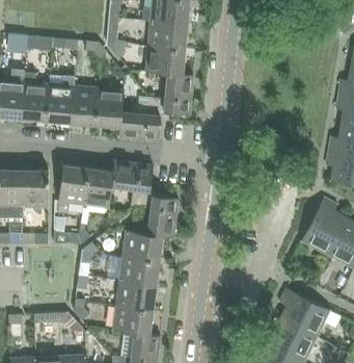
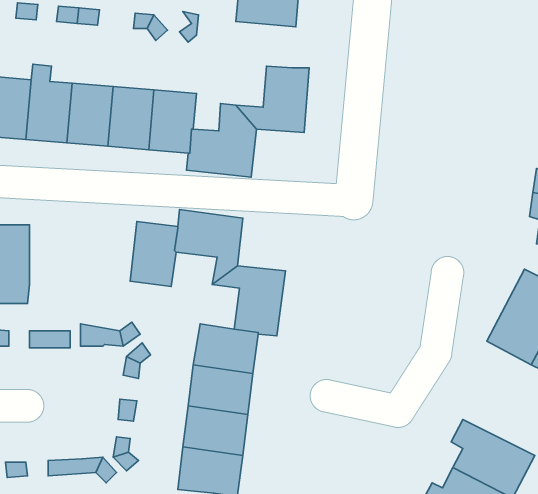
building: [145,47,185,75] -> none
building: [58,165,88,205] -> none
building: [23,171,48,208] -> none

